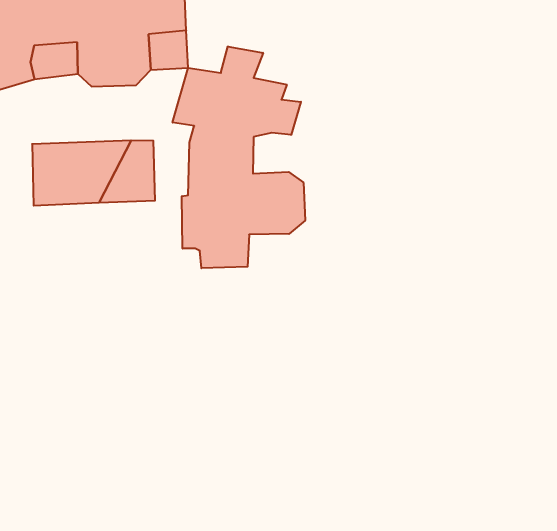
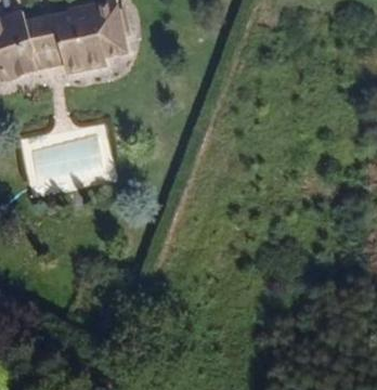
building: [173,46,305,268] -> none

